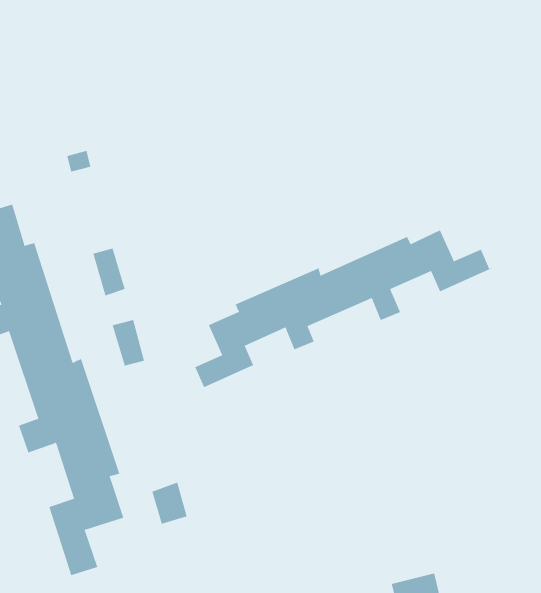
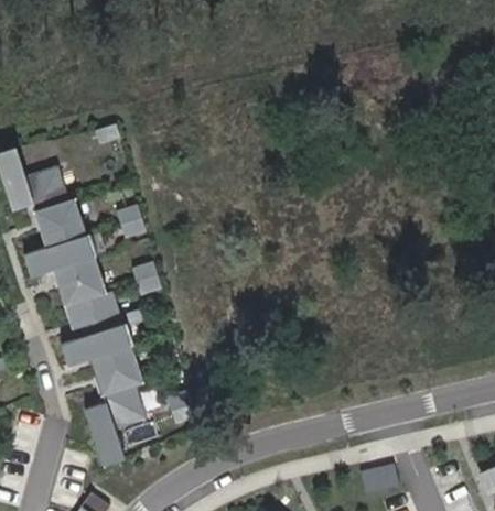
building: [194,229,493,389] -> none

